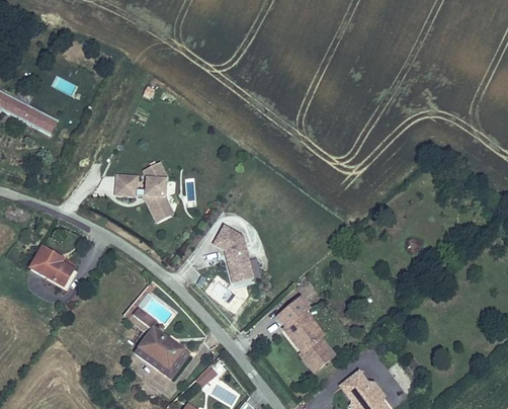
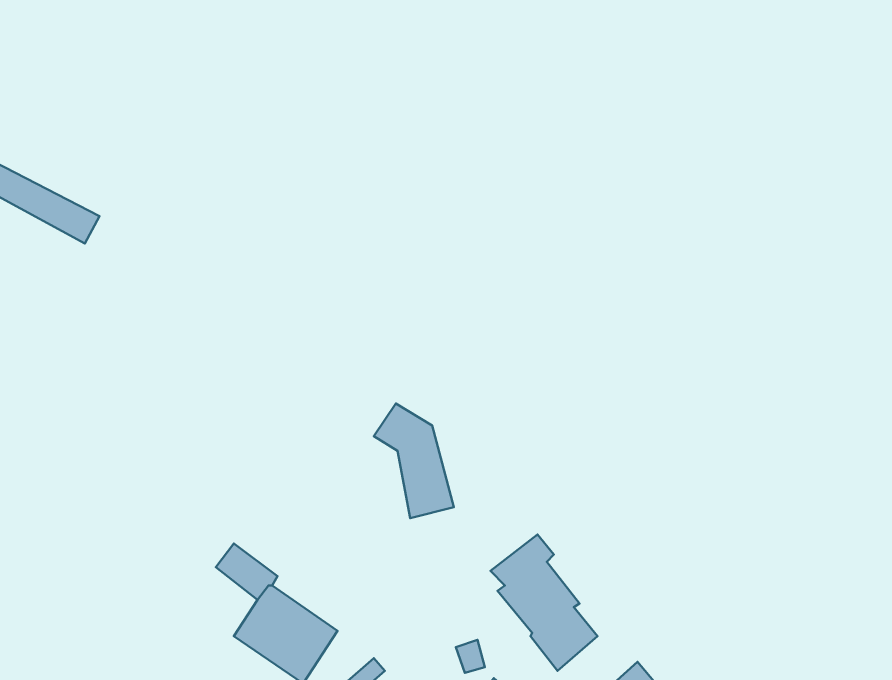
building: [114,161,175,224] -> none
building: [28,246,76,290] -> none

